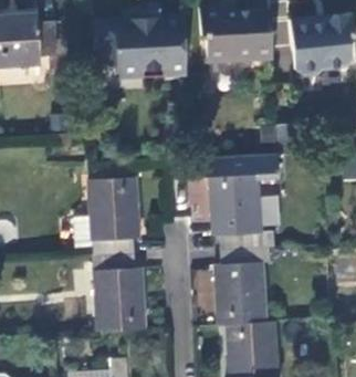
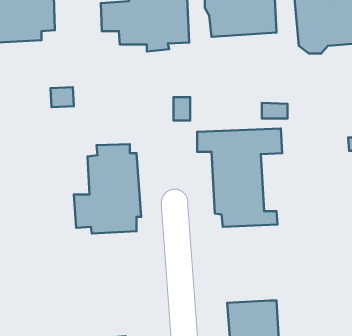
building: [216,247,304,326] -> none
building: [92,254,146,332] -> none

